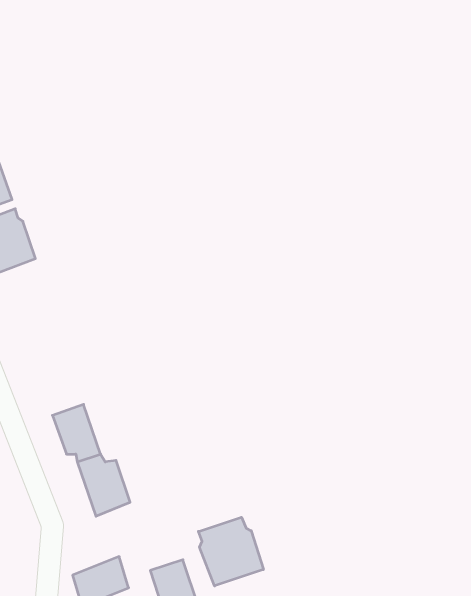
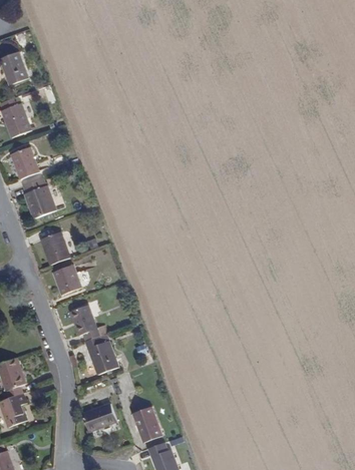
building: none -> [39,229,71,265]
building: none -> [52,264,82,296]
building: [198,517,263,586] -> none

